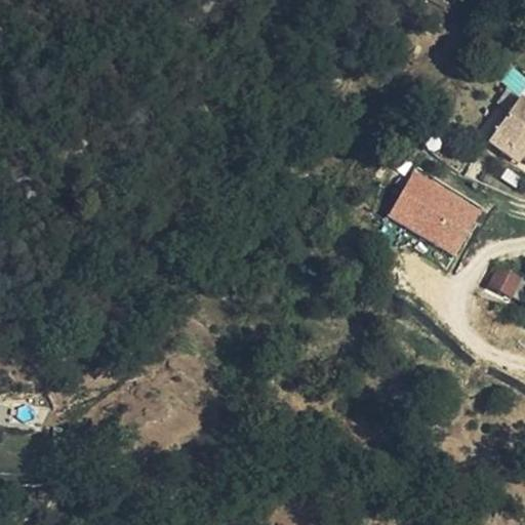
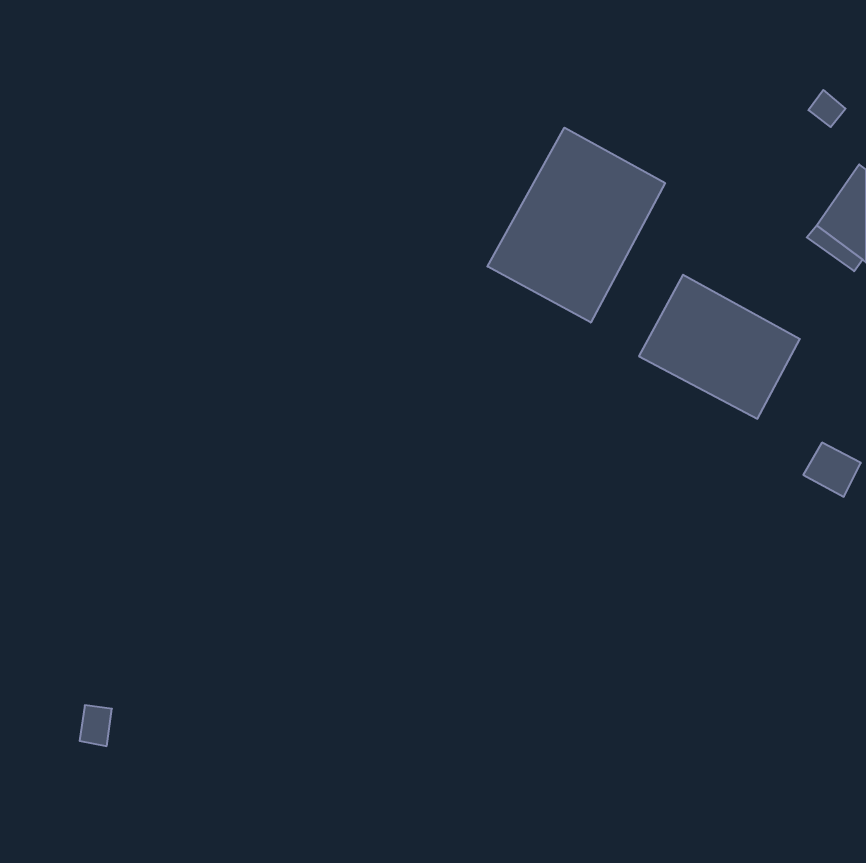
building: none -> [487,128,665,323]

